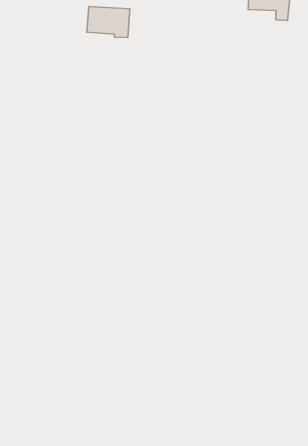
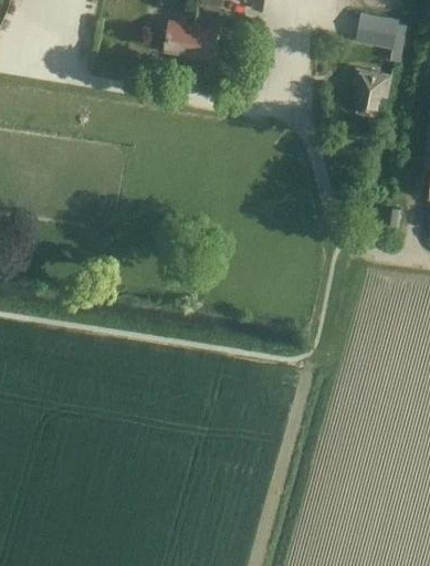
building: none -> [353,72,391,112]

